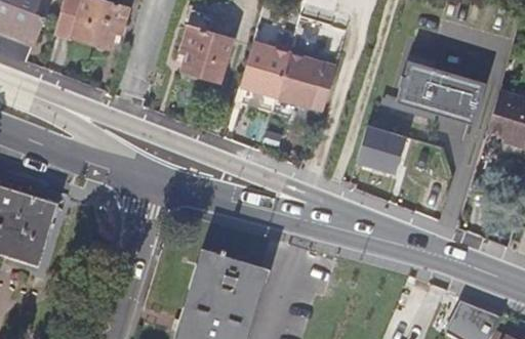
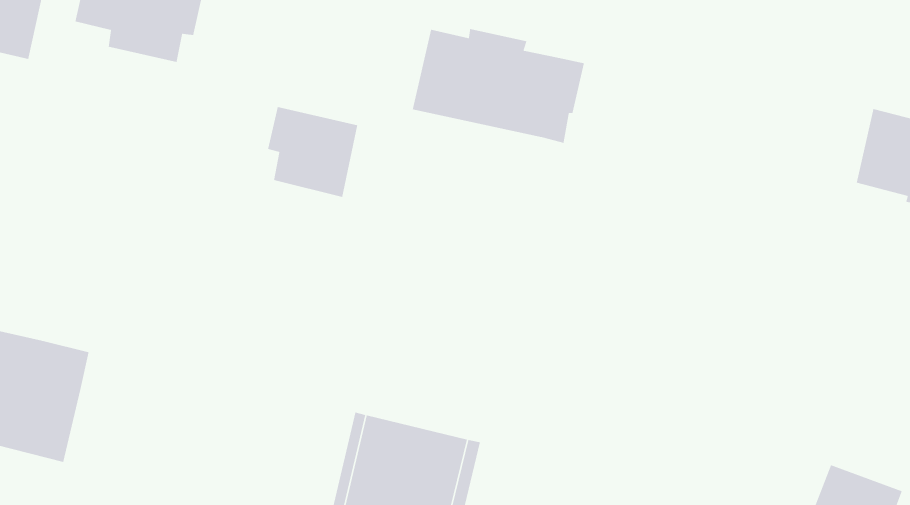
building: [184,29,235,82] -> [267,106,358,198]
building: [397,56,486,122] -> none
building: [358,123,407,170] -> none

